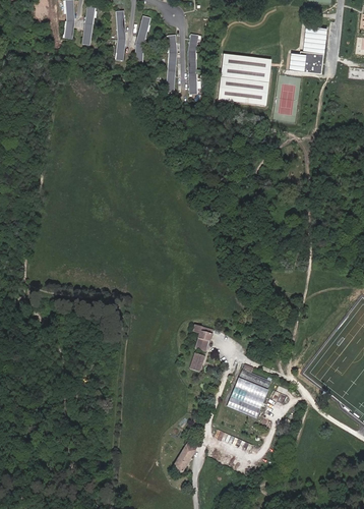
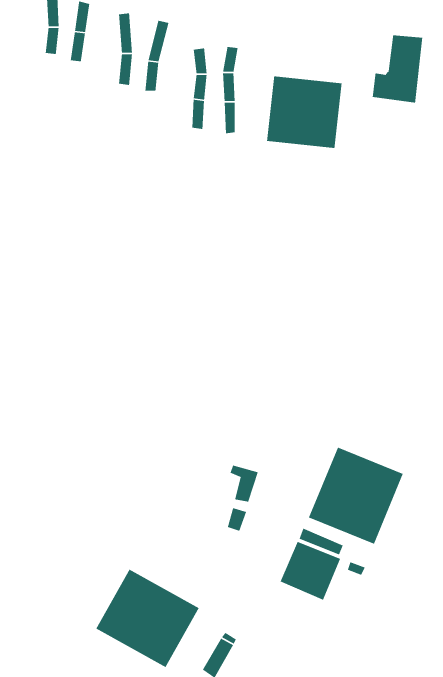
building: none -> [308,446,404,545]
building: none -> [95,568,200,668]

